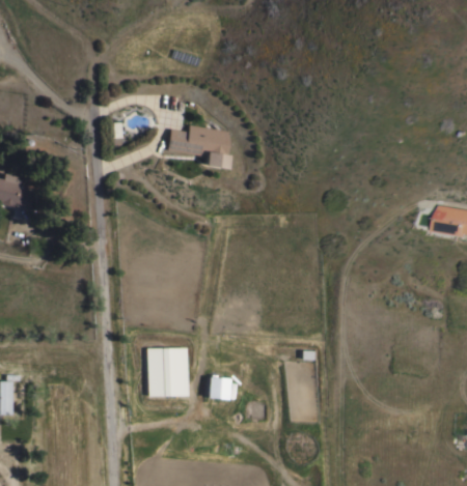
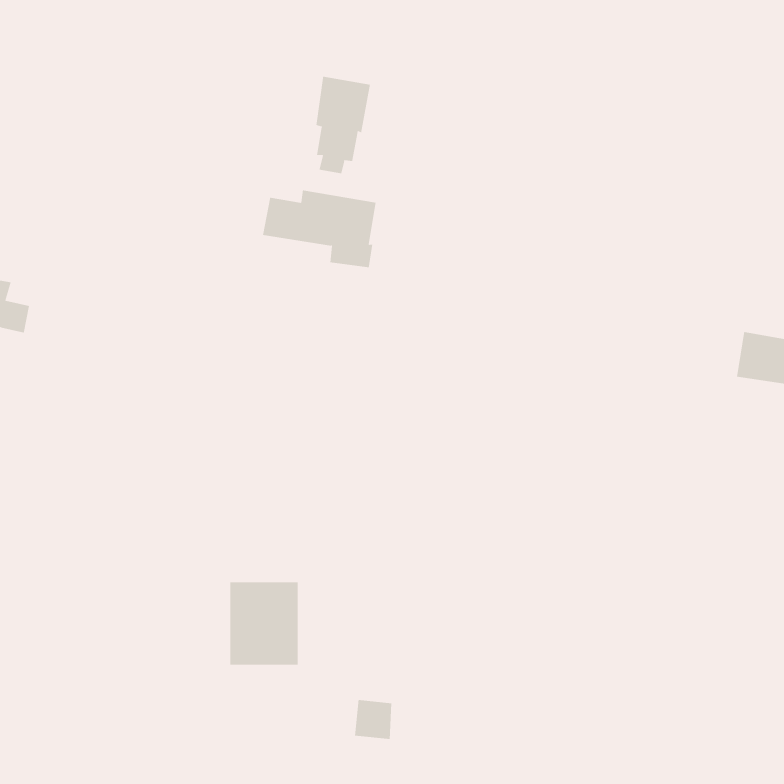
building: none -> [316,76,371,174]
building: [207,377,228,400] -> [354,700,392,739]

